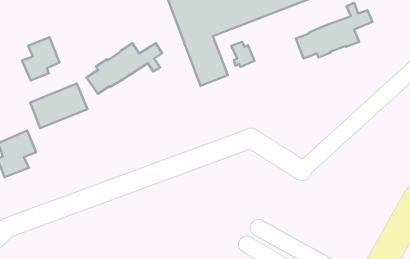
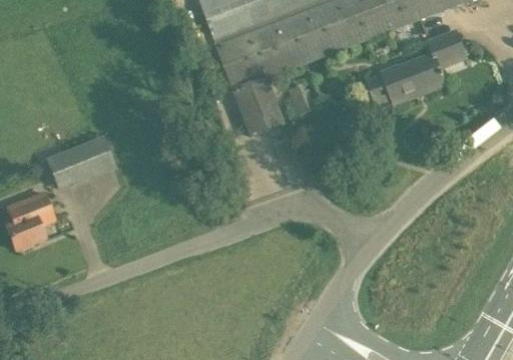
building: [22,37,60,81] -> none
building: [87,43,162,94] -> none

